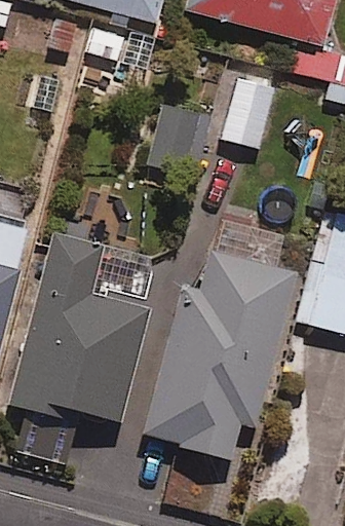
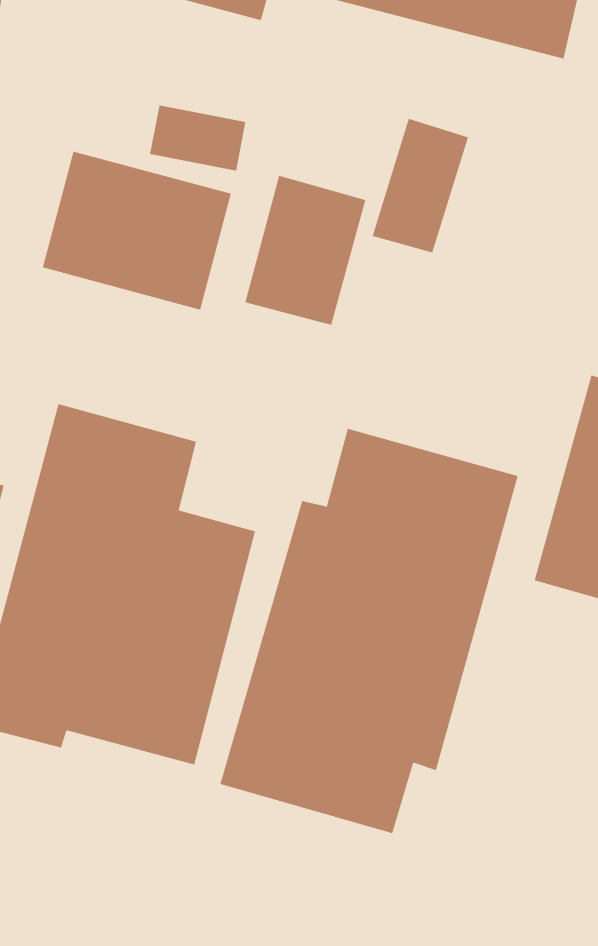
building: none -> [42,151,231,310]

